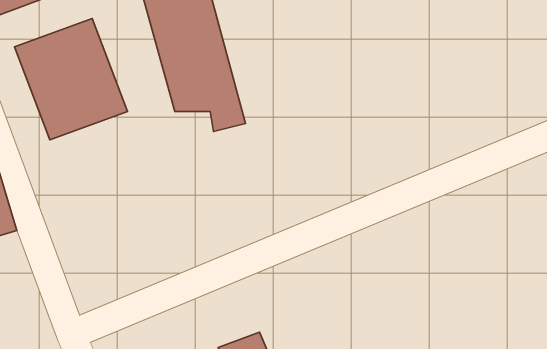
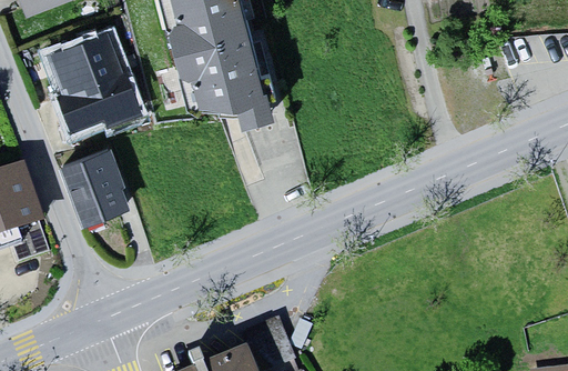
building: none -> [60,143,132,221]

